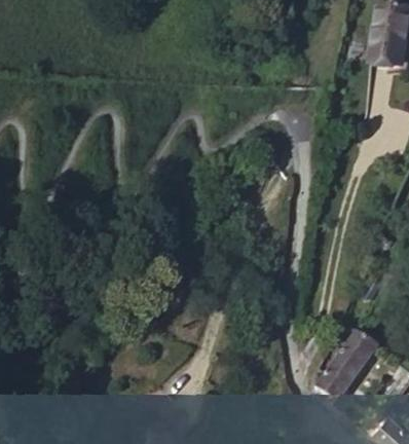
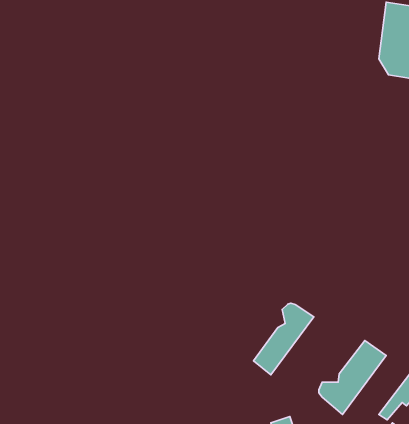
building: none -> [254,303,314,375]

